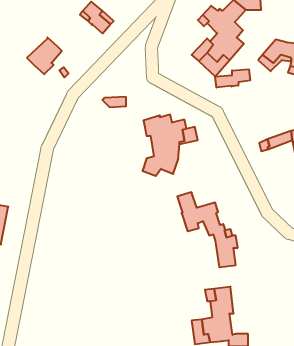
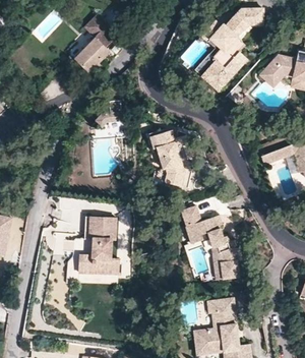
building: [27,37,62,74] -> [74,38,109,74]
building: [215,69,250,88] -> none
building: none -> [79,219,119,277]

